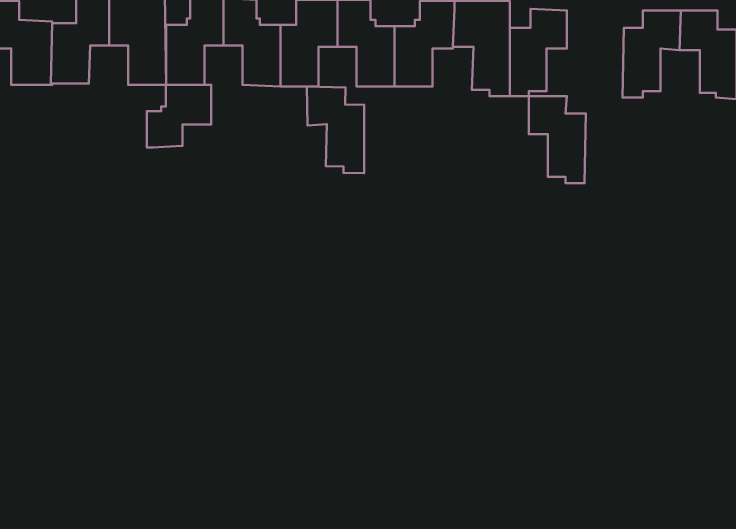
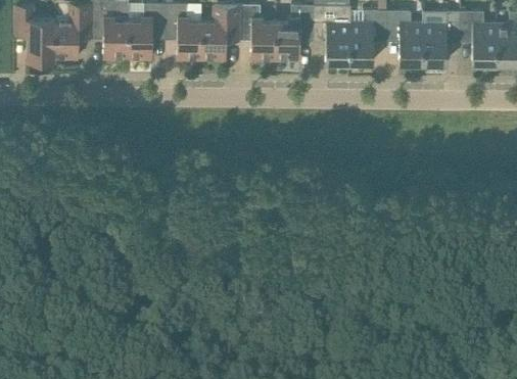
building: [147,85,211,148] -> none
building: [307,87,364,173] -> none
building: [529,96,586,183] -> [387,10,424,66]

